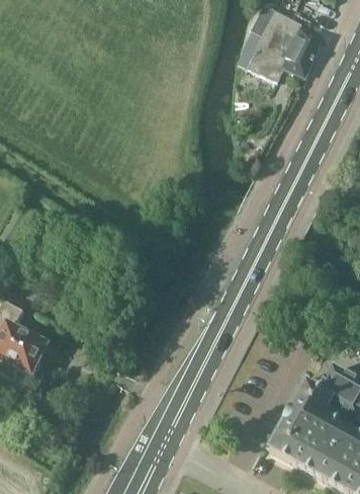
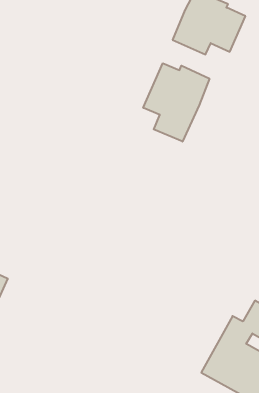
building: none -> [143,63,209,142]

